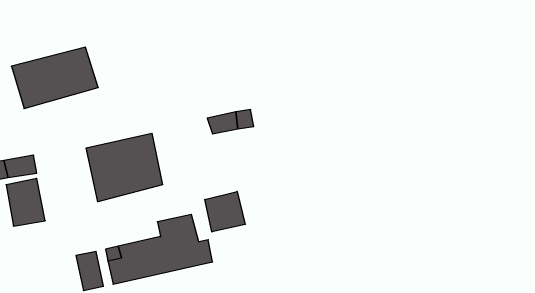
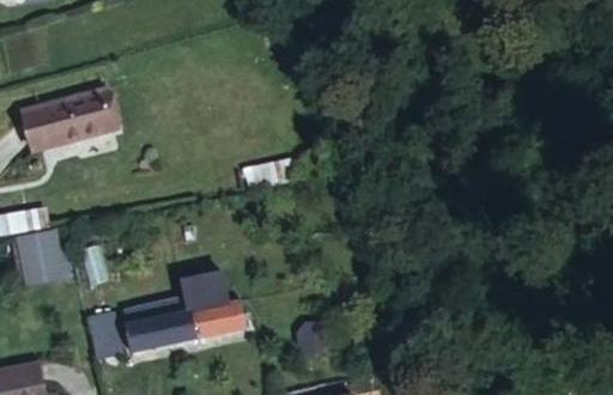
building: [86,133,162,202] -> none
building: [205,191,245,232] -> none

